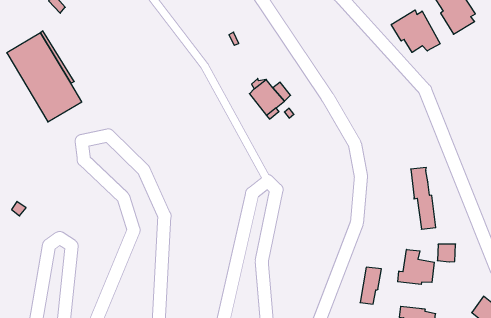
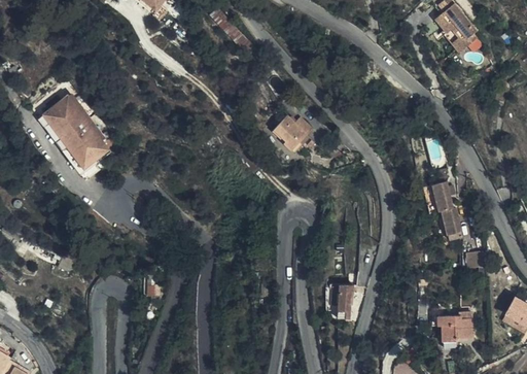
building: [391,10,440,52] -> none
building: [398,249,434,284] -> none
building: [360,267,381,304] -> [337,284,353,318]

